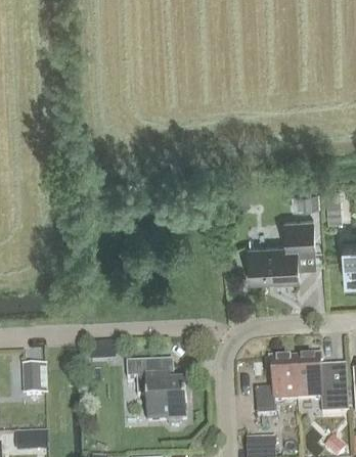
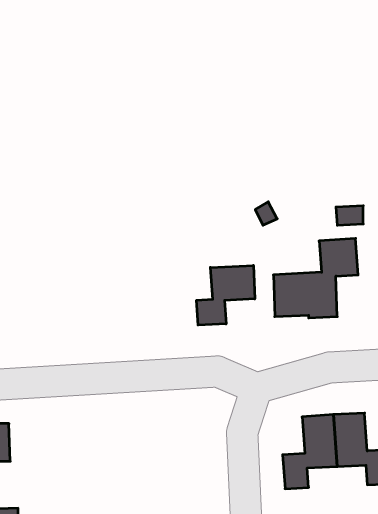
building: none -> [197,265,255,325]
building: [126,358,186,423] -> none

